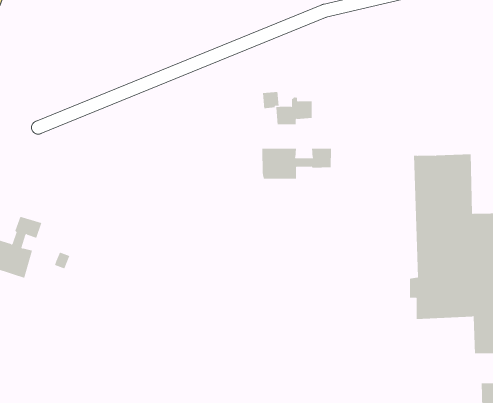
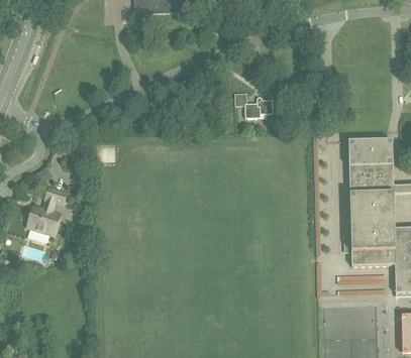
building: [262,148,332,179] -> none

